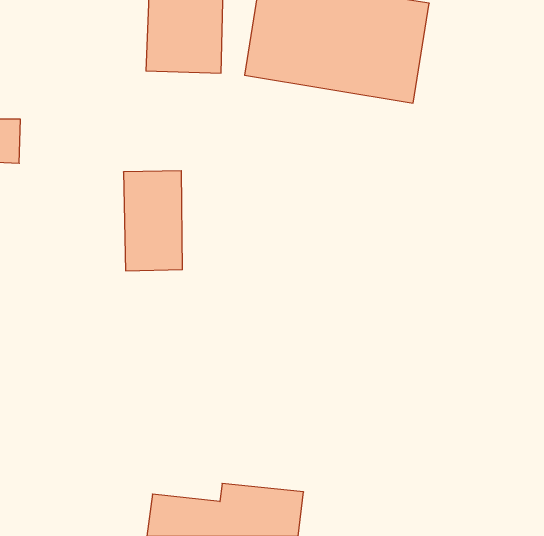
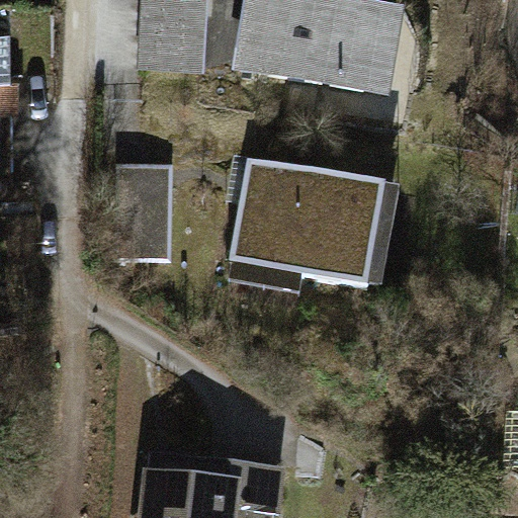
building: none -> [232,160,384,284]

